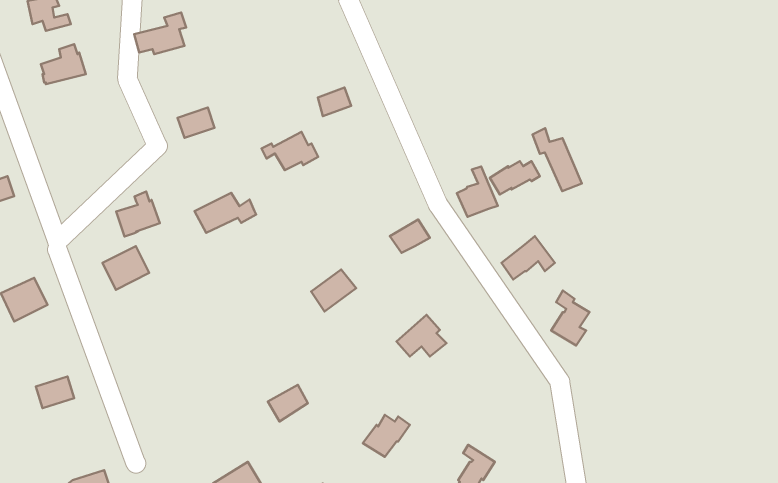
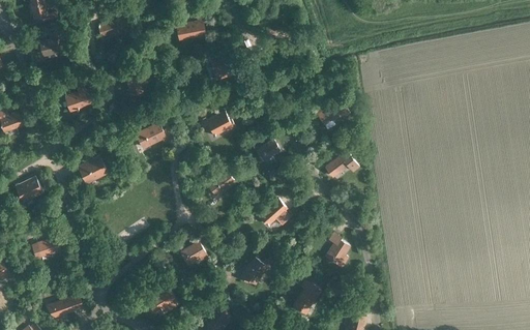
building: none -> [173,21,205,39]
building: [532,128,582,191] -> none
building: [262,132,318,170] -> [200,113,235,137]
building: [457,167,498,217] -> none
building: [116,191,160,237] -> [65,85,92,113]
building: [551,291,589,346] -> [326,234,350,268]

